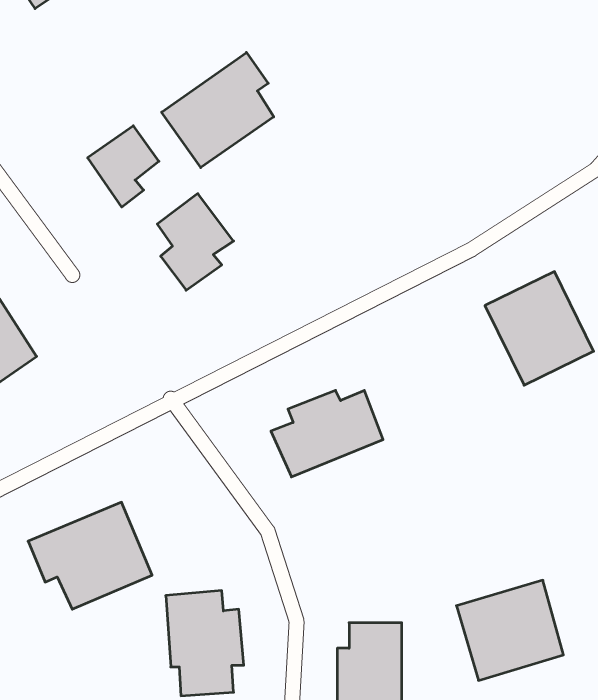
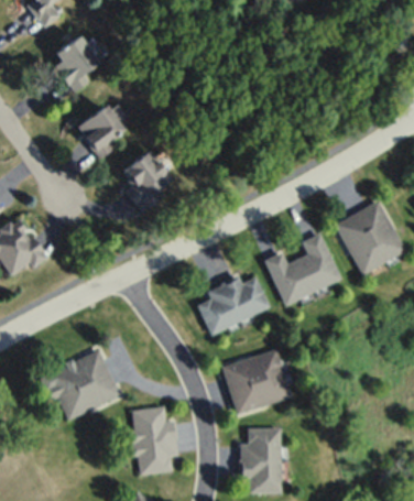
building: none -> [55,36,99,92]
building: [162,52,274,168] -> none
building: none -> [264,232,340,305]
building: [456,580,563,680] -> [221,349,291,414]

